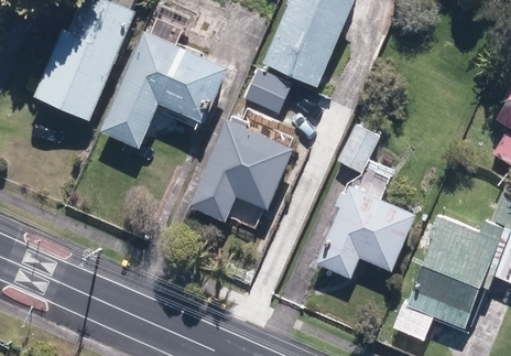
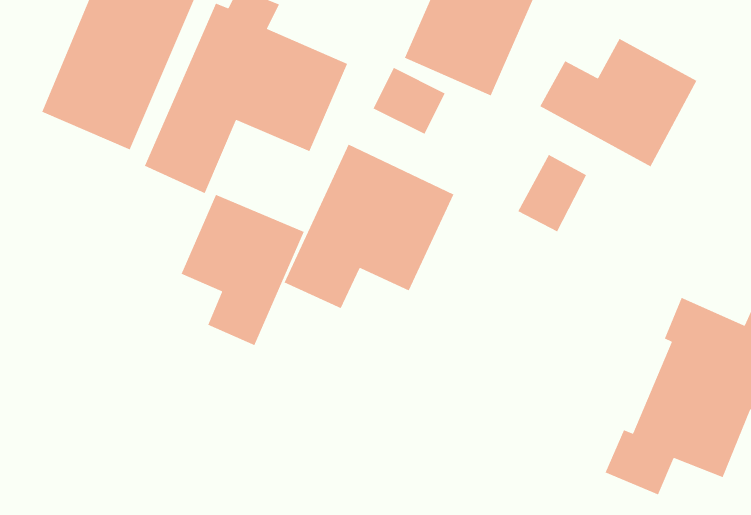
building: none -> [539,38,697,168]
building: none -> [181,194,305,346]
building: [315,184,416,279] -> none

